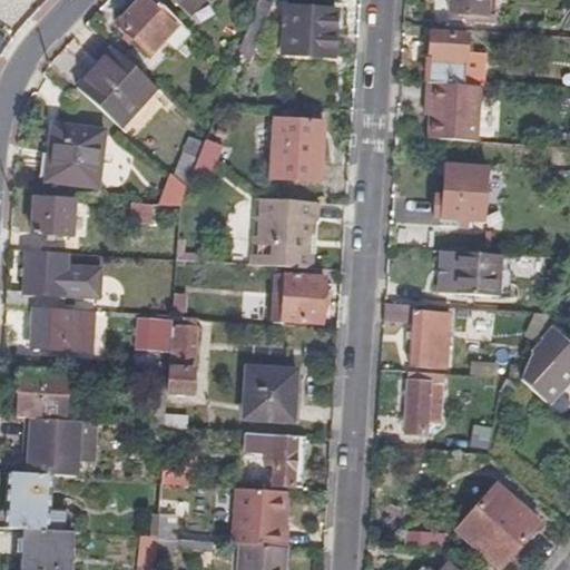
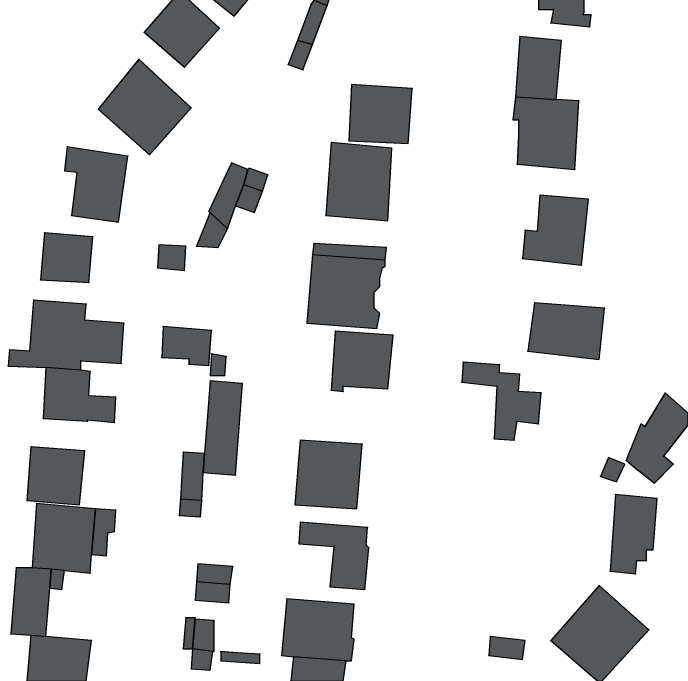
building: [284,9,336,58] -> [349,84,412,144]
building: [132,312,174,344] -> [162,326,212,365]
building: [404,370,443,435] -> [610,495,657,574]

